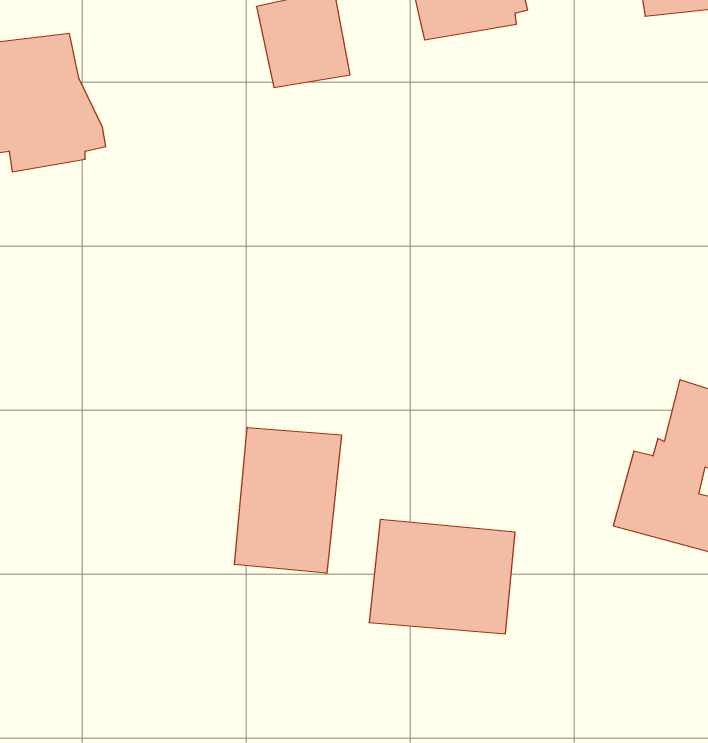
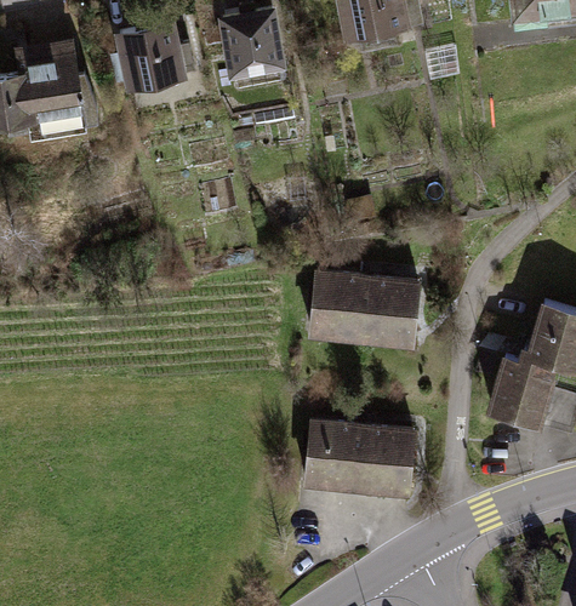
building: none -> [113,19,187,96]
building: none -> [307,263,416,339]
building: [234,427,341,573] -> none

